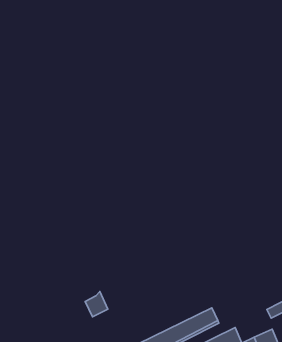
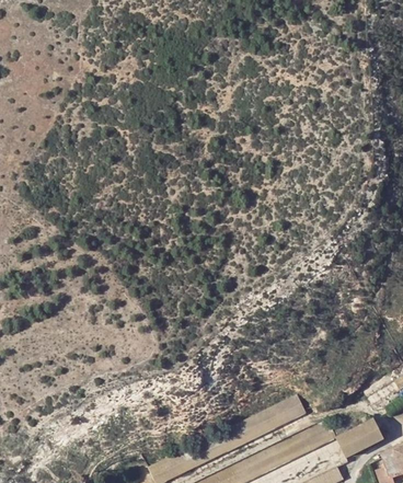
building: [85,291,108,317] -> none

